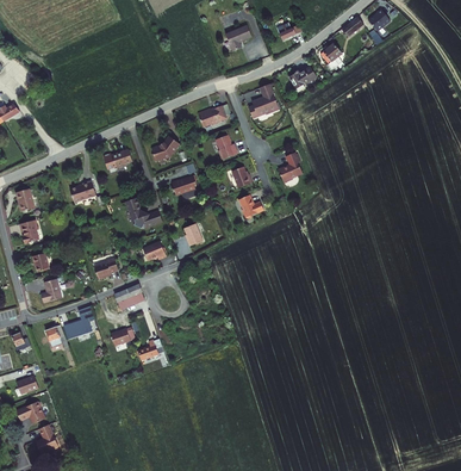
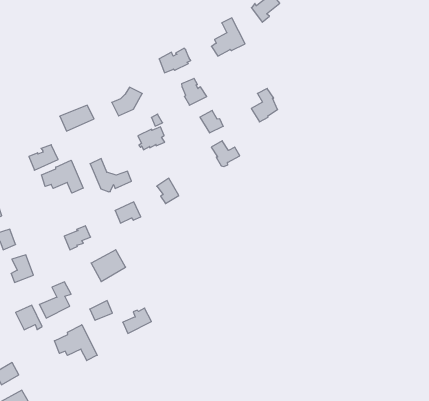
building: none -> [41,160,83,193]
building: none -> [54,325,97,361]

